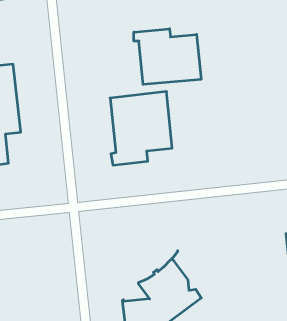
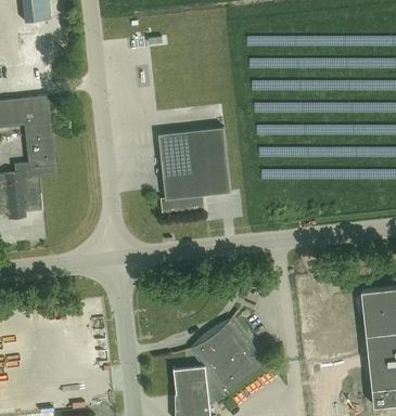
building: [134,29,201,84] -> none

